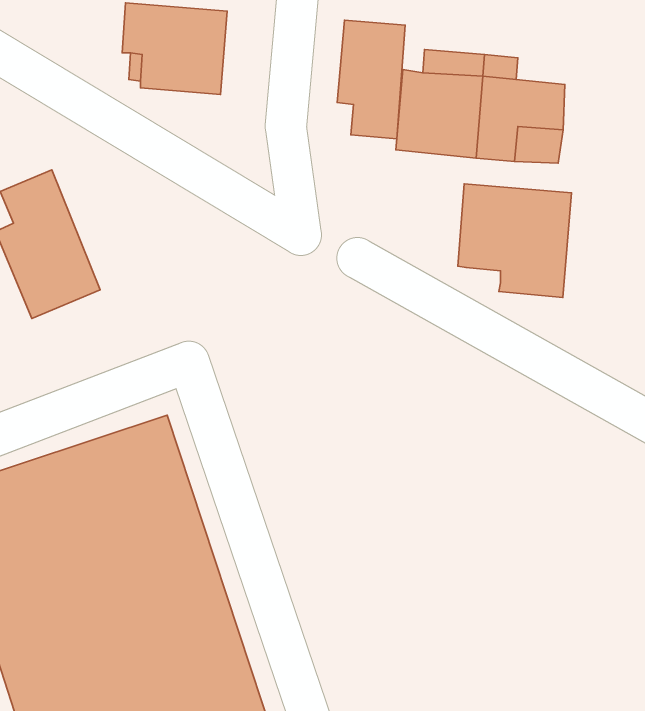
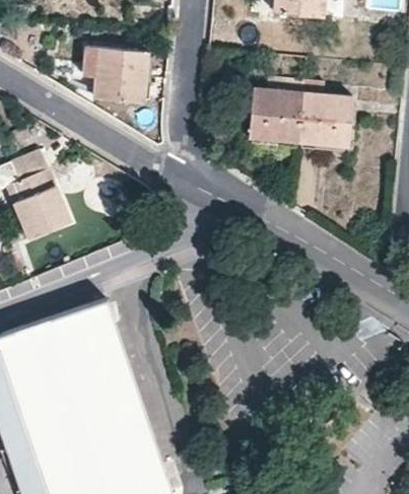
building: [337,20,405,139] -> none
building: [458,184,572,297] -> none

